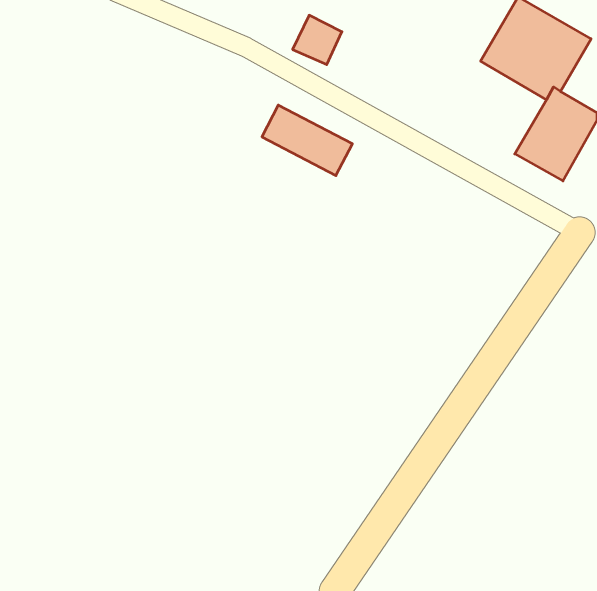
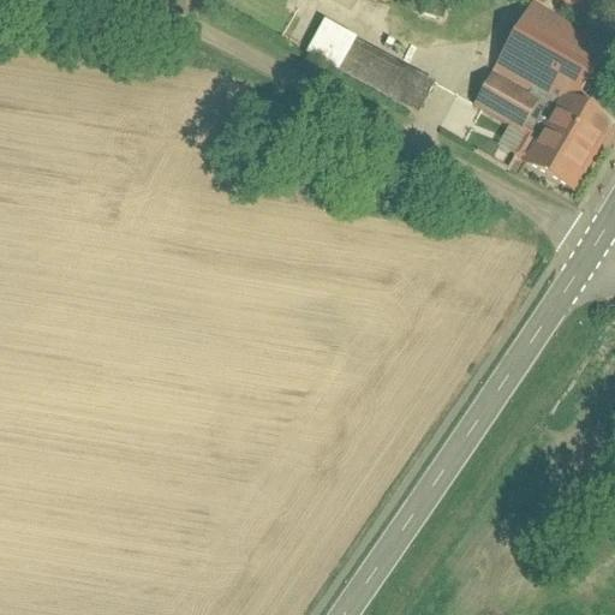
building: none -> [477,70,542,127]
building: [262,105,352,176] -> [342,40,435,112]

